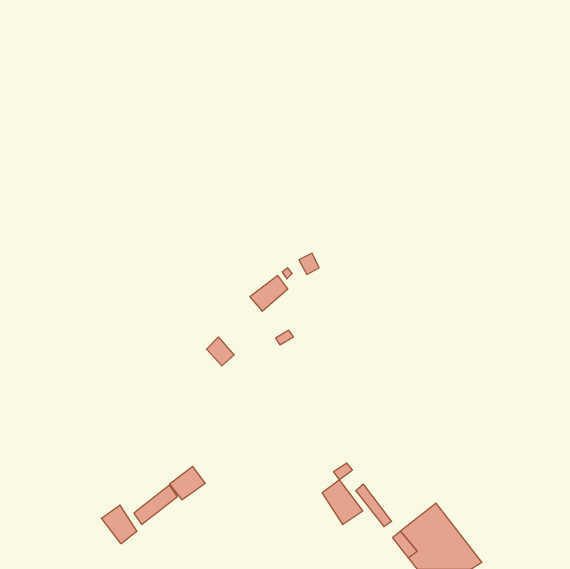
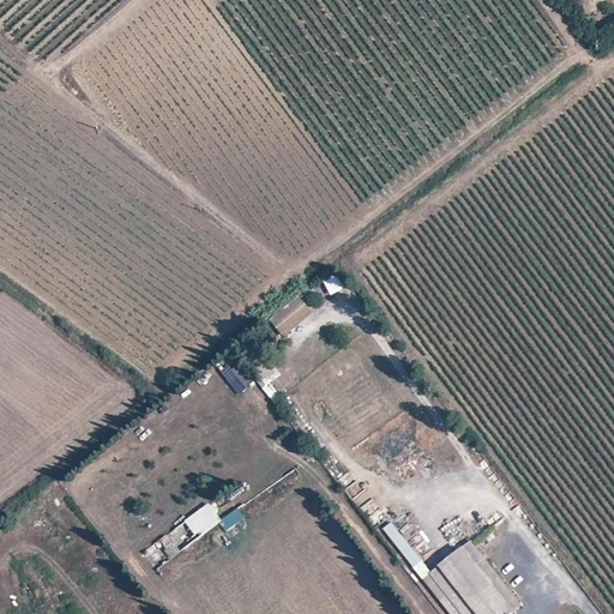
building: [322,480,363,525] -> none
building: [101,505,137,544] -> none

